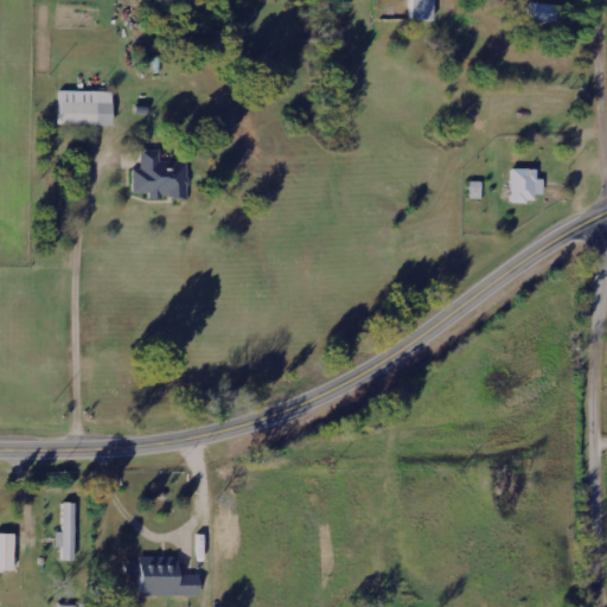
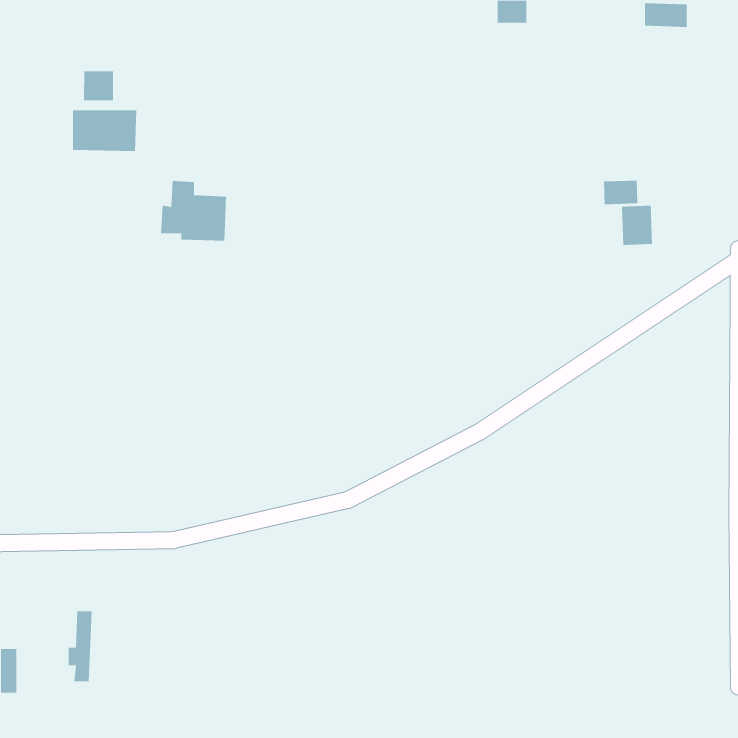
building: none -> [84,71,114,101]
building: none -> [603,180,638,205]
building: [138,556,202,595] -> none

